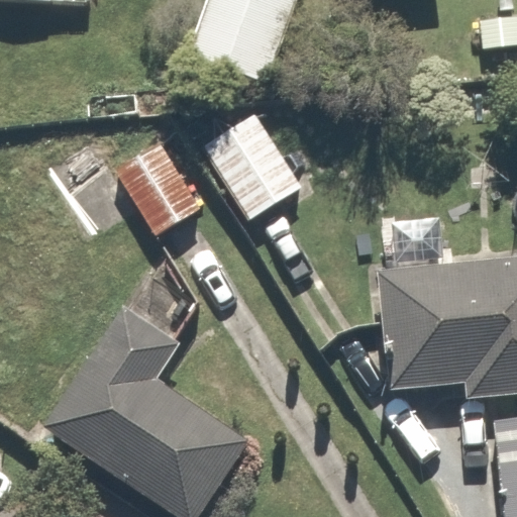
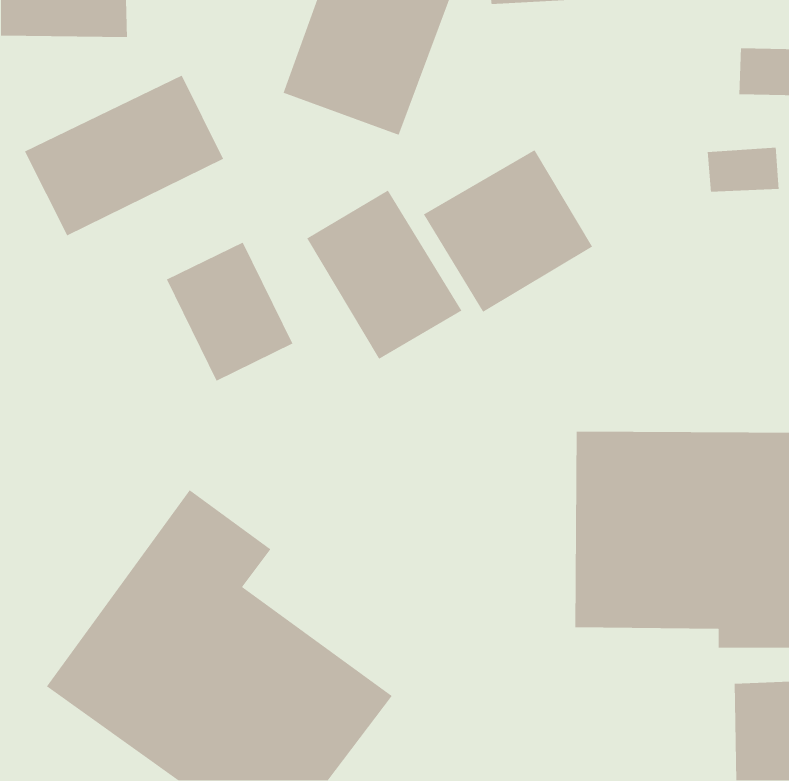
building: none -> [24,75,224,237]
building: none -> [423,149,593,313]

